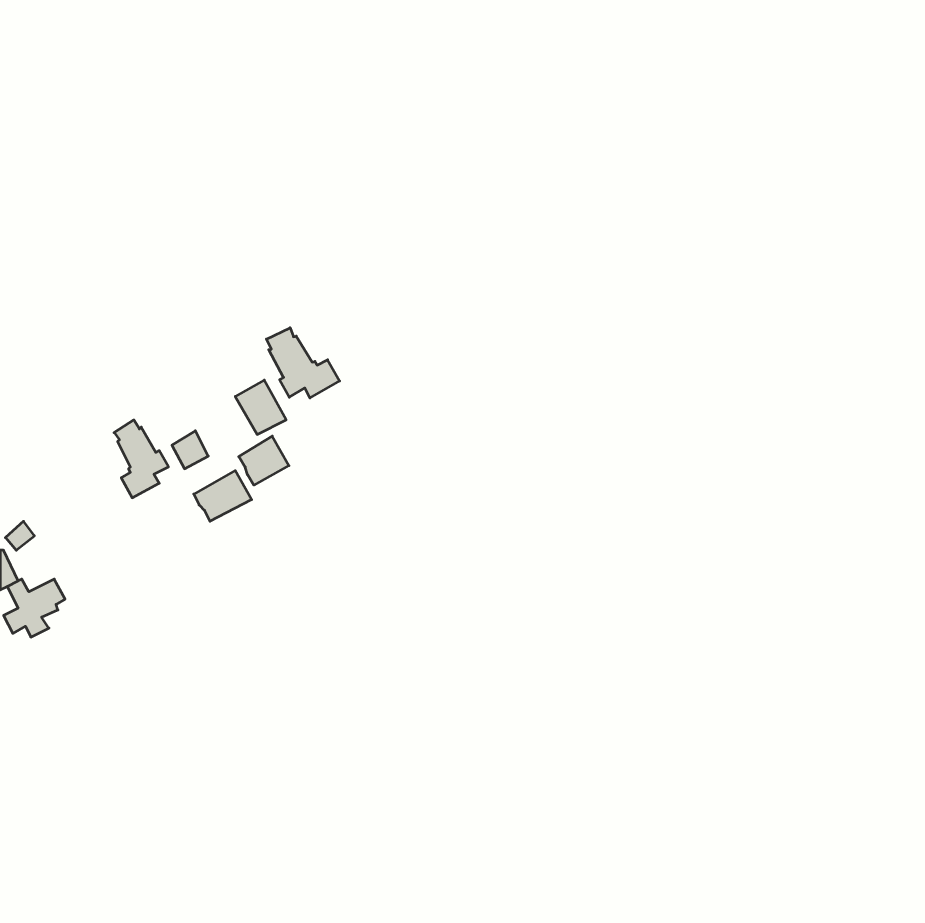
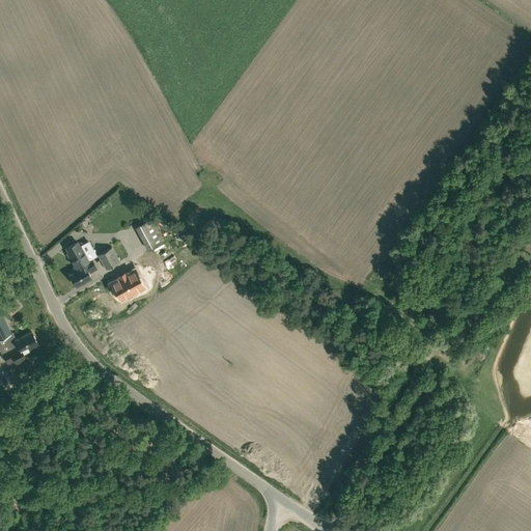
building: [266,328,340,398] -> none
building: [239,436,289,485] -> none

